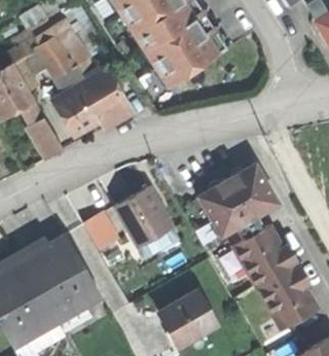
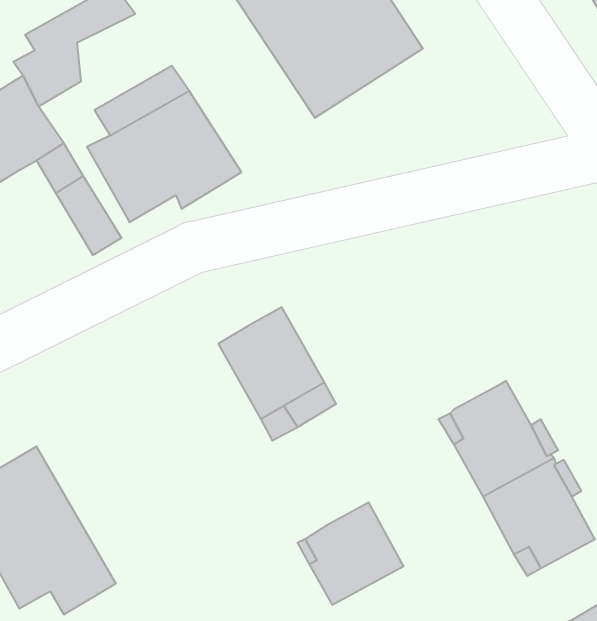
building: [42,30,93,81] -> none
building: [198,163,279,241] -> none
building: [79,211,117,250] -> none
building: [21,235,101,333] -> none

